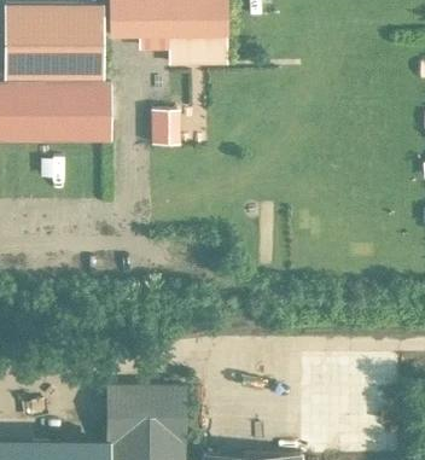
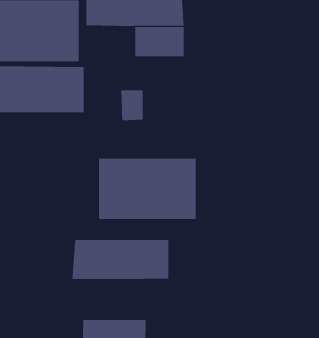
building: none -> [98,158,196,220]
building: none -> [72,239,169,280]

